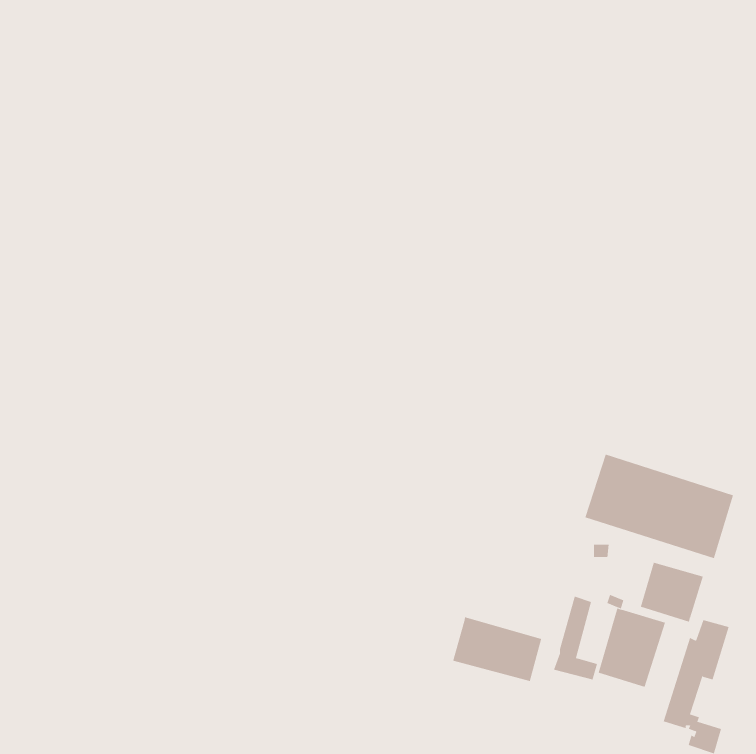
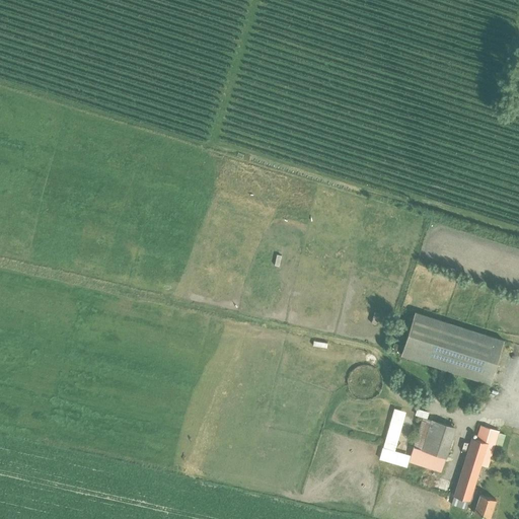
building: [640,562,703,622] -> none
building: [452,617,542,682] -> none

